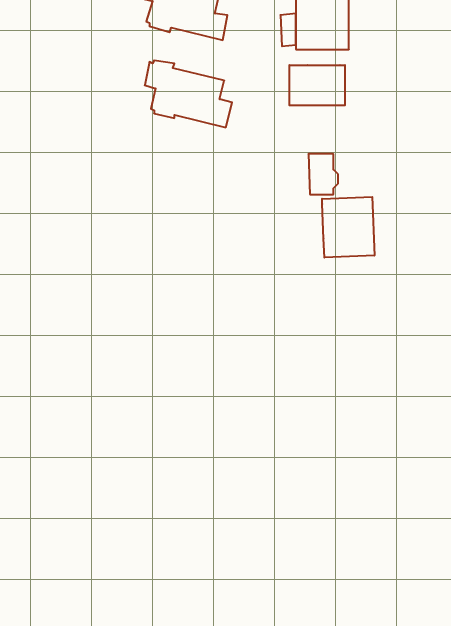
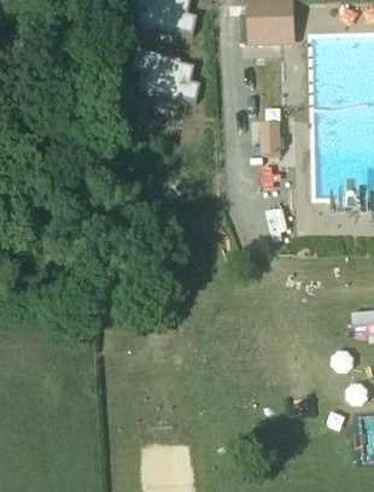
building: [289,65,345,105] -> none
building: [322,197,374,258] -> none

